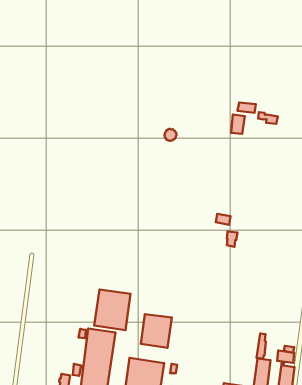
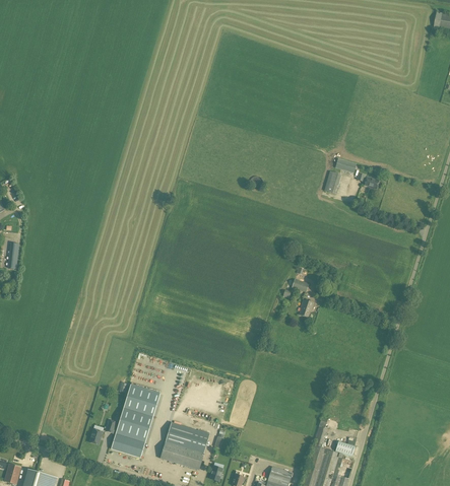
building: [94,290,130,330] -> none
building: [141,314,172,348] -> none

